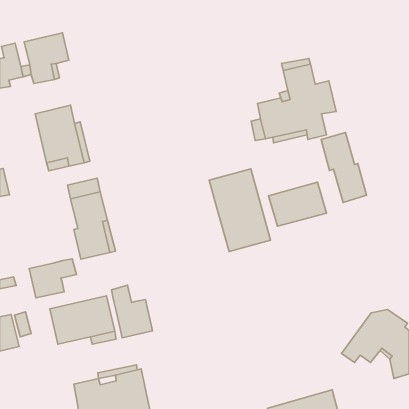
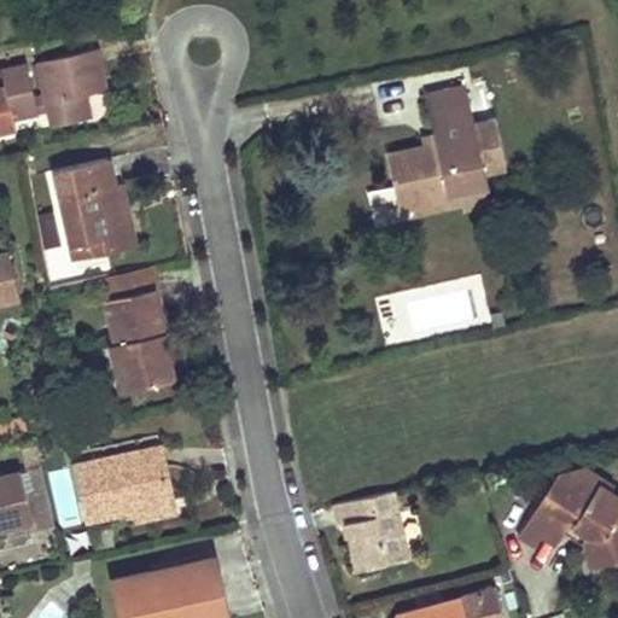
building: [321,133,367,203] -> none
building: [209,169,271,252] -> none
building: [29,259,77,298] -> none
building: [111,285,152,338] -> none
building: none -> [338,489,412,570]

